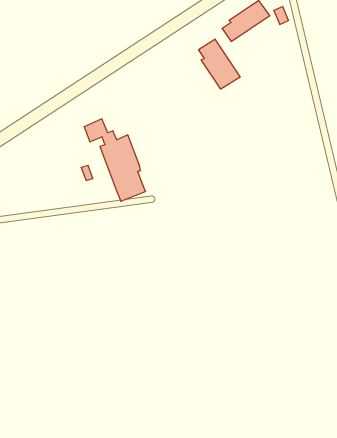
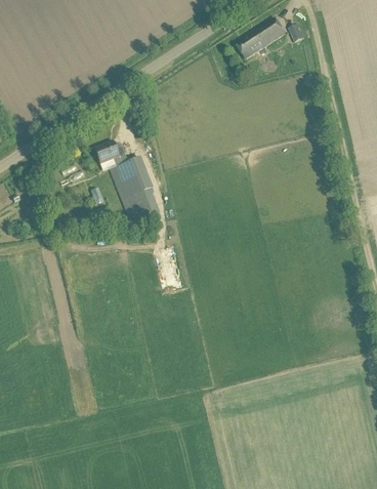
building: [199,39,240,89] -> none

